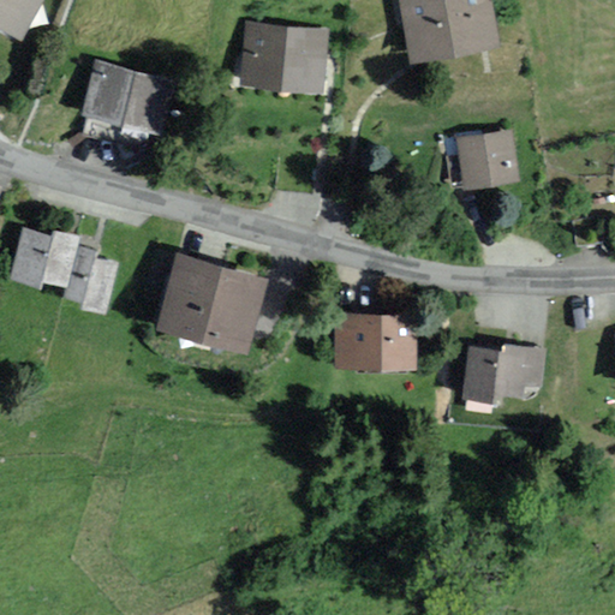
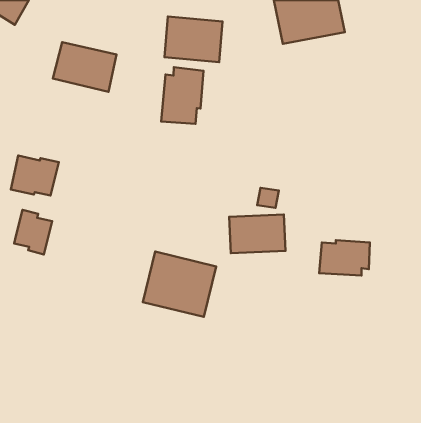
building: none -> [161,67,203,124]
building: [455,130,515,189] -> none
building: [71,245,126,310] -> [14,210,52,254]
building: [157,259,264,354] -> [143,252,216,317]

